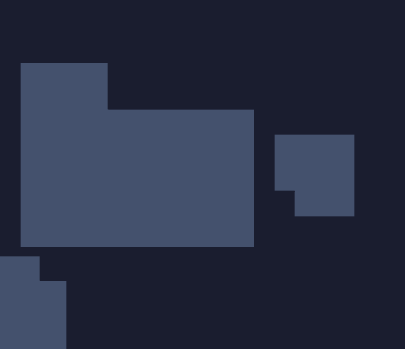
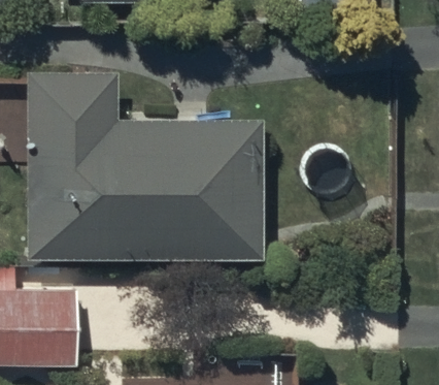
building: [274,134,355,217] -> none

